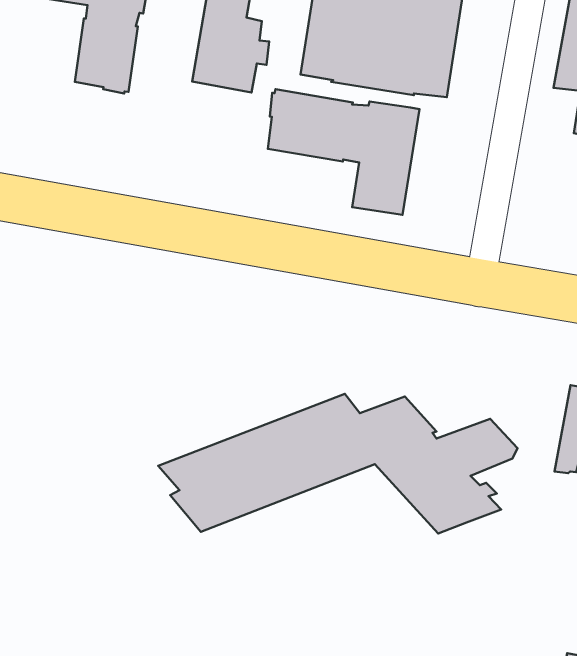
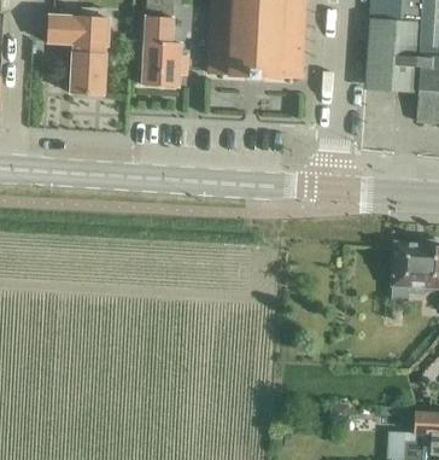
building: [268,89,420,215] -> none
building: [158,394,518,534] -> none

